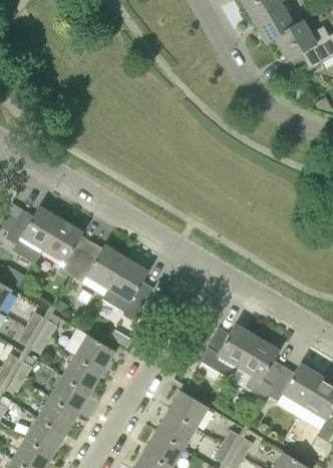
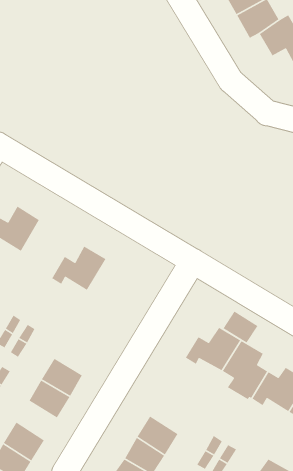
building: [42,220,84,278] -> none
building: [106,259,152,317] -> none
building: none -> [223,311,259,344]
building: [74,335,114,372] -> none
building: [168,391,208,429] -> none
building: [37,397,77,435] -> none

